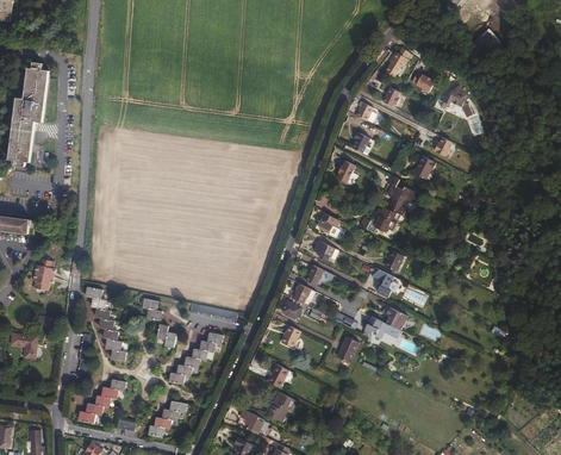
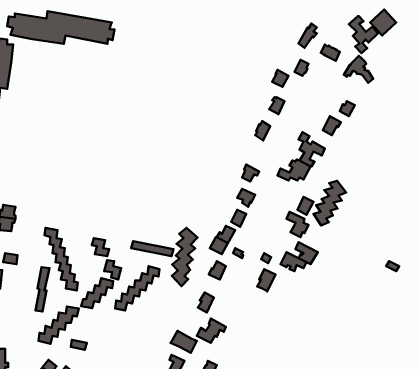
building: none -> [7,11,115,44]
building: none -> [349,16,378,53]
building: none -> [313,181,346,225]
building: none -> [172,228,197,286]
building: [148,401,186,437] -> [81,278,113,308]

